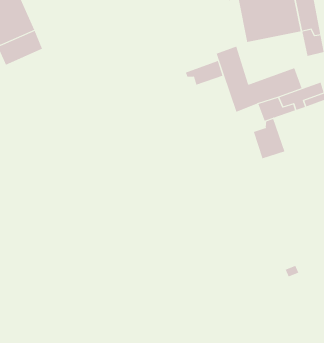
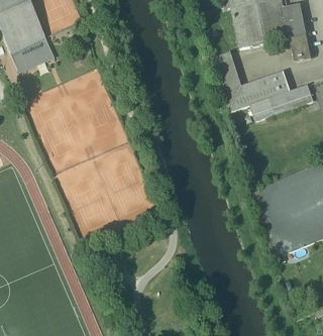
building: [185,60,223,86] -> none
building: [253,118,285,159] -> none

